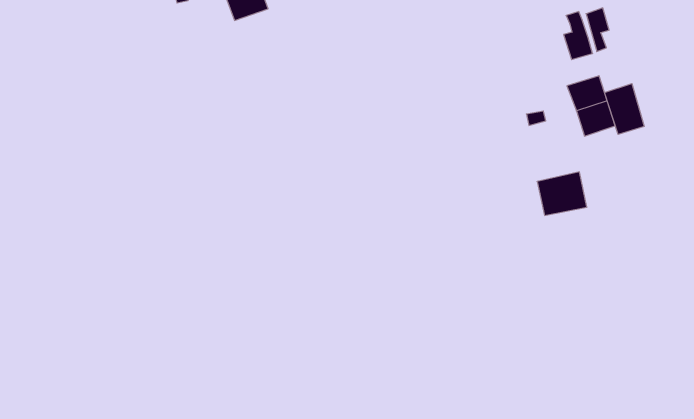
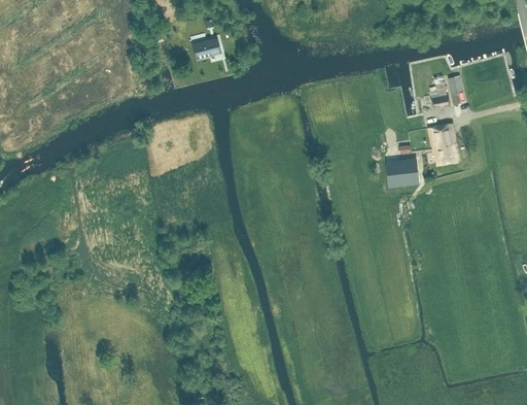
building: [604,84,644,134] -> none
building: [537,172,587,215] -> [385,158,419,187]

